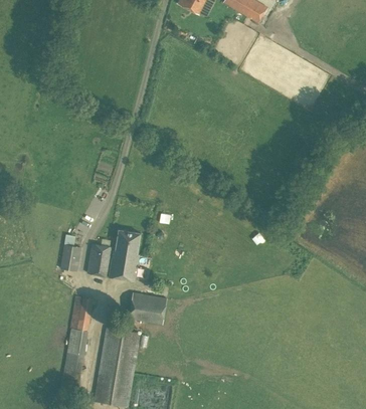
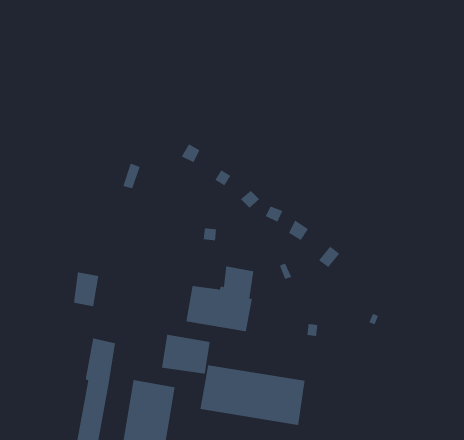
building: [87,229,141,280] -> [185,266,254,332]
building: none -> [200,364,305,426]

